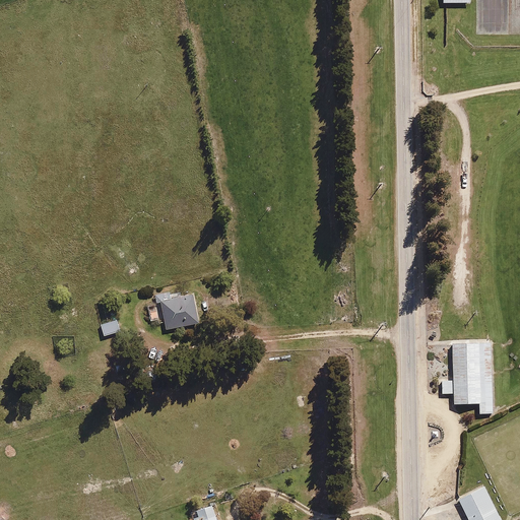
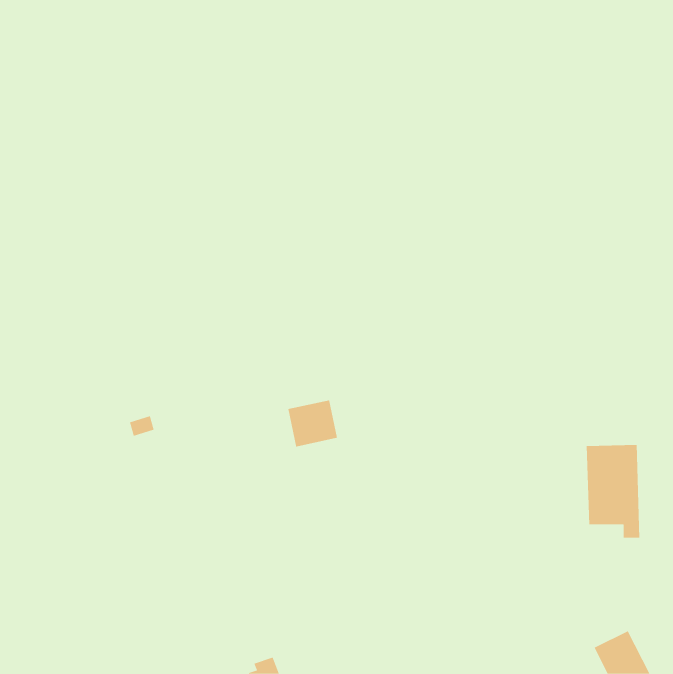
building: [159,294,198,330] -> [288,400,338,447]

